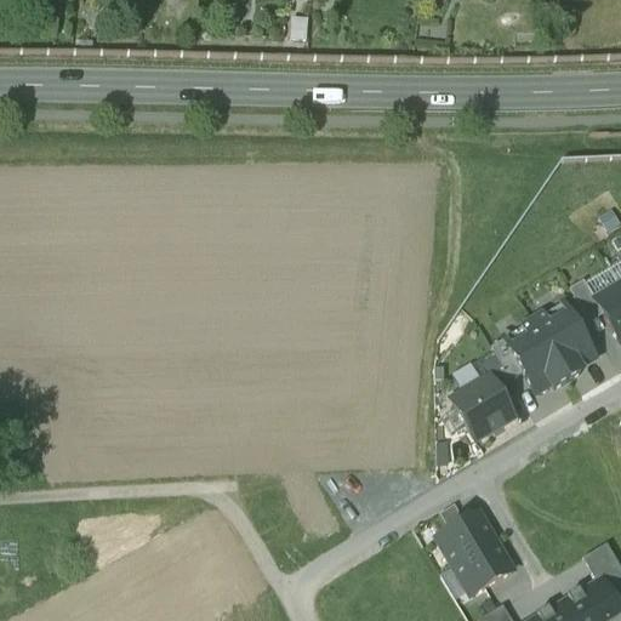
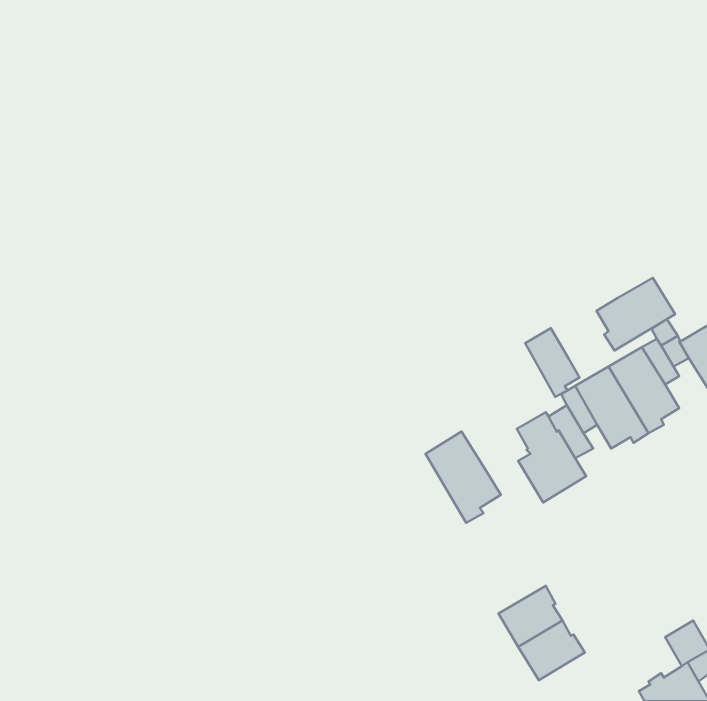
building: none -> [597,278,675,351]
building: none -> [525,328,580,397]
building: none -> [425,432,501,523]

